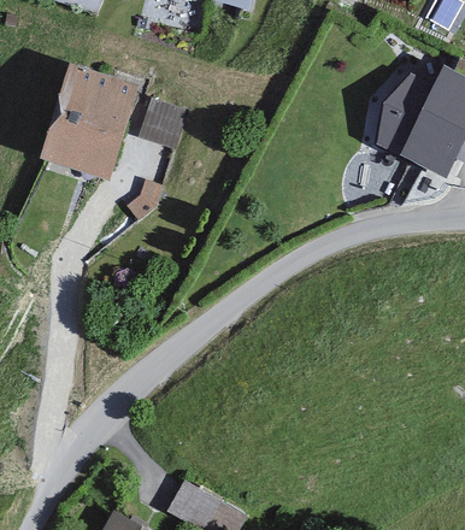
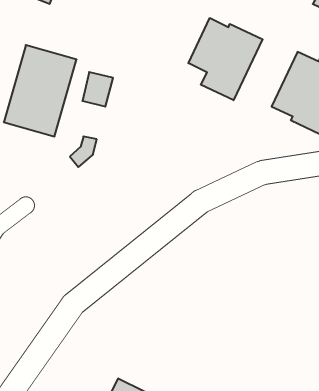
building: none -> [188,18,263,100]

